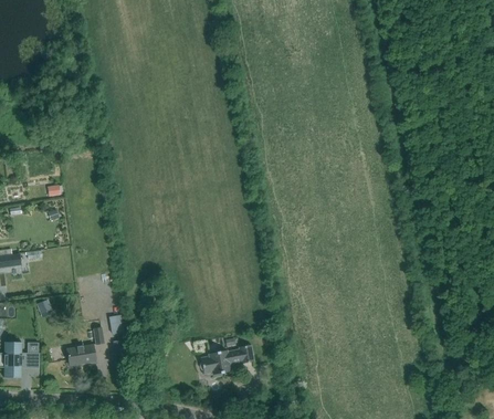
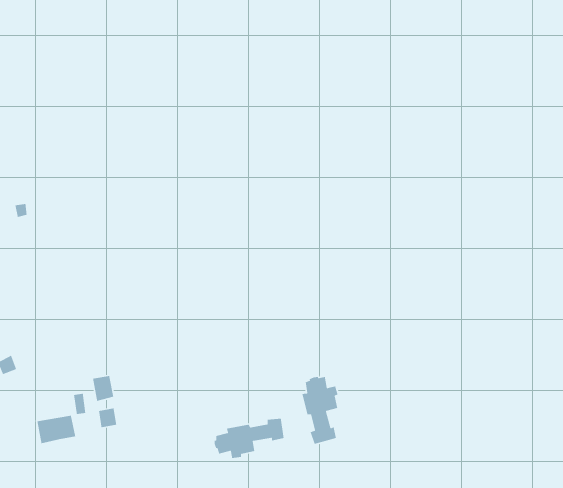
building: none -> [301,376,339,445]

